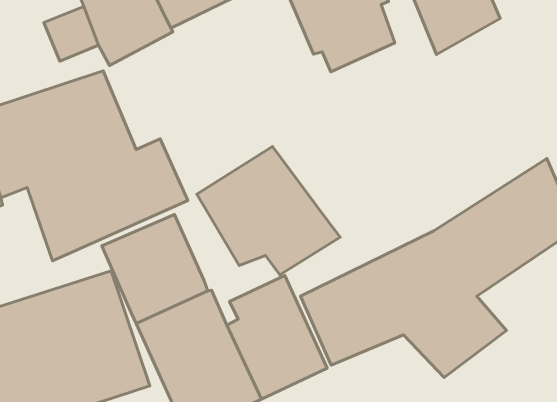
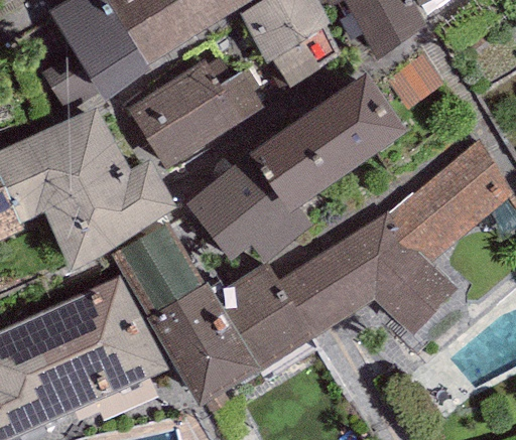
building: none -> [128,54,265,168]
building: none -> [245,70,406,207]

